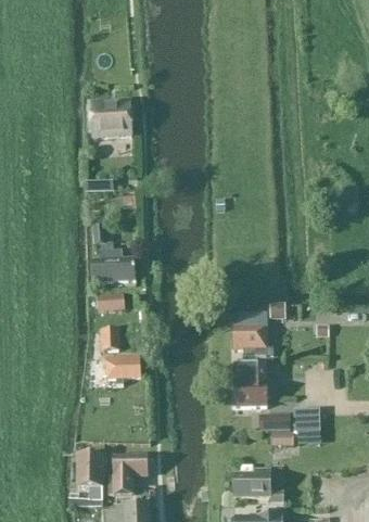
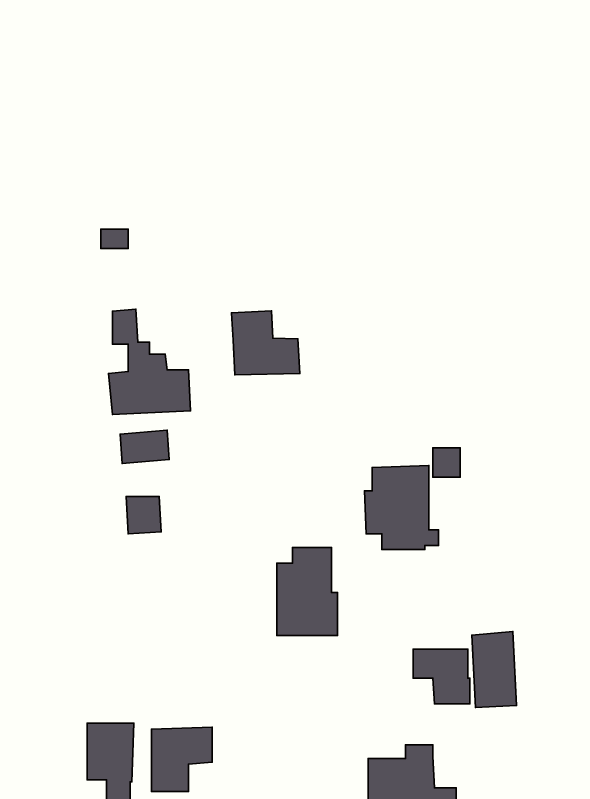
building: [91,100,131,136] -> none
building: none -> [232,311,300,375]
building: [106,354,141,383] -> none
building: [233,357,267,406] -> [277,547,337,635]

